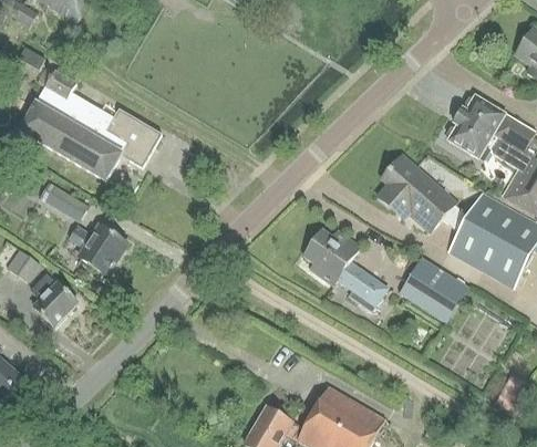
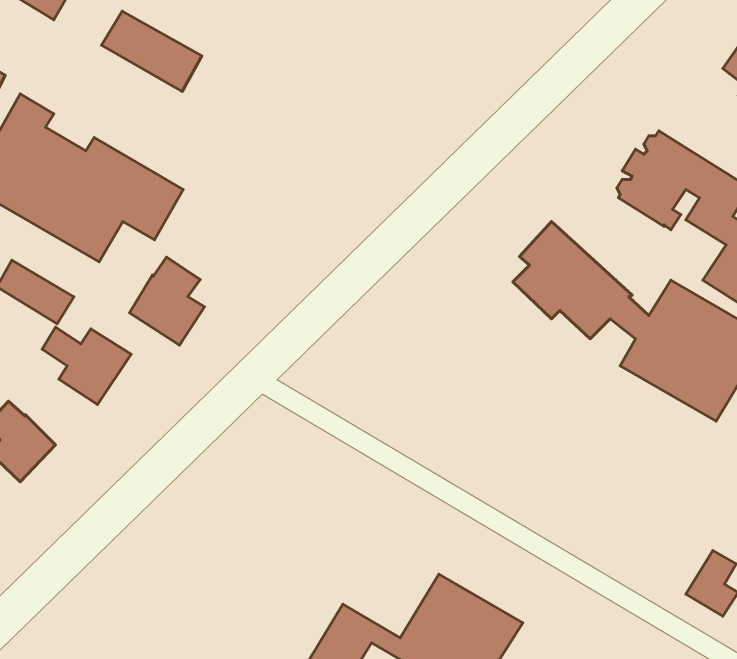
building: none -> [102,11,202,91]
building: none -> [129,257,204,345]
building: [303,228,386,311] -> none
building: [397,257,467,321] -> none

